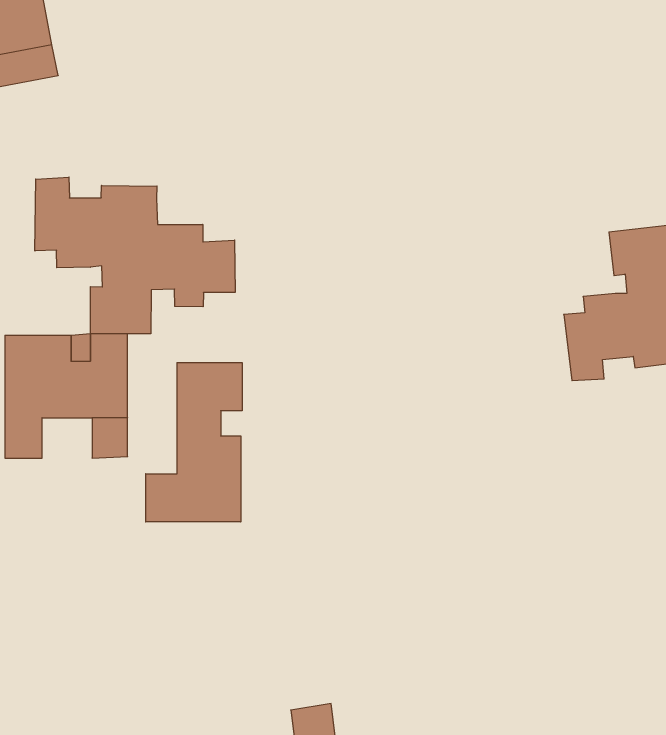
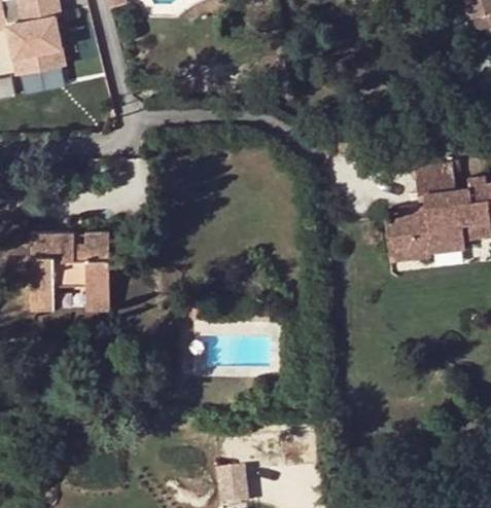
building: [35,177,235,334] -> none
building: [146,363,242,522] -> none

